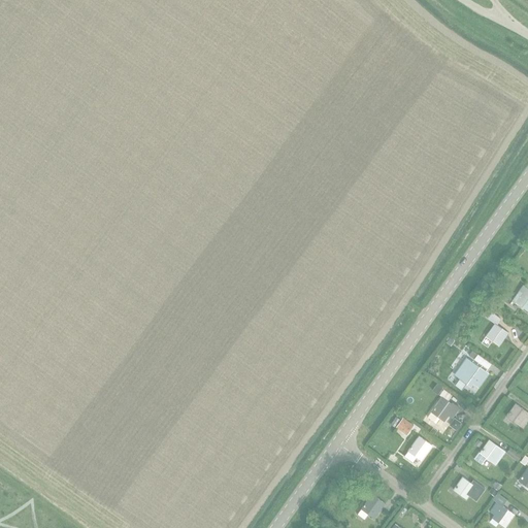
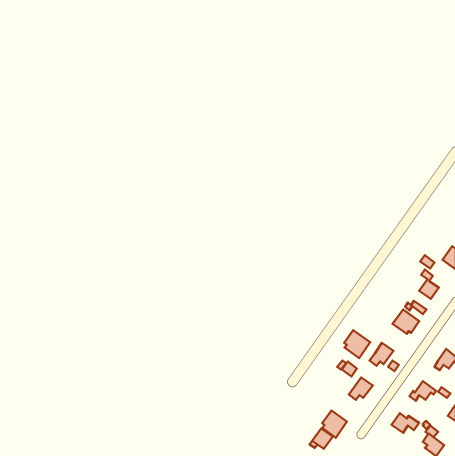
building: none -> [344,330,370,358]
building: none -> [322,410,347,438]

